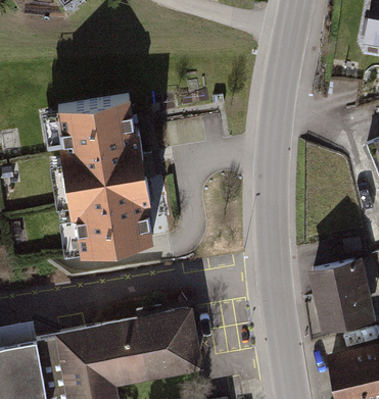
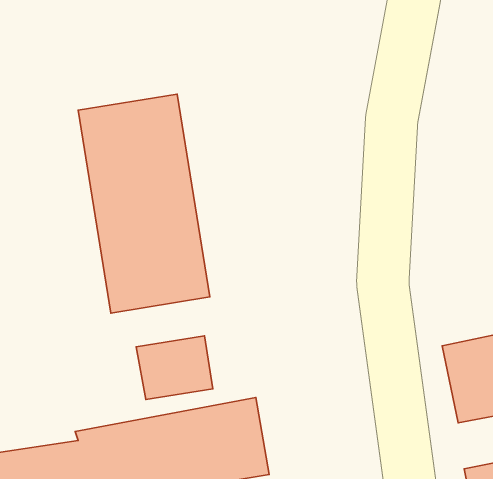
building: none -> [136,336,213,399]

